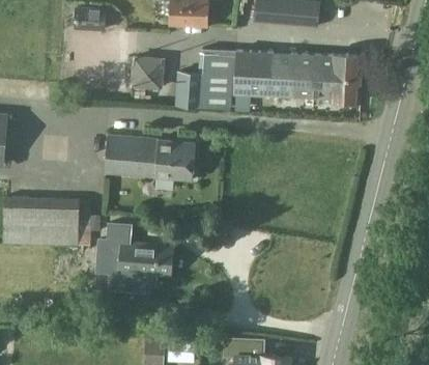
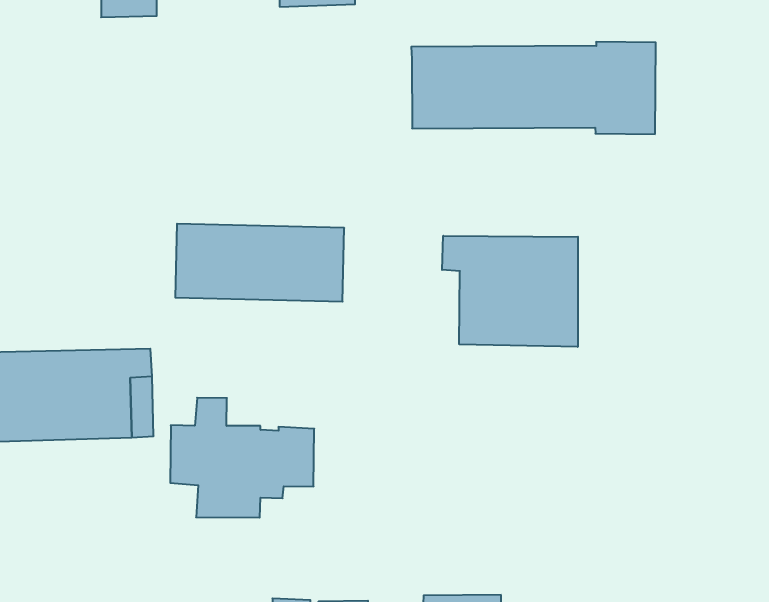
building: [176,49,235,109] -> none
building: [131,57,164,89] -> none
building: none -> [442,236,578,347]

